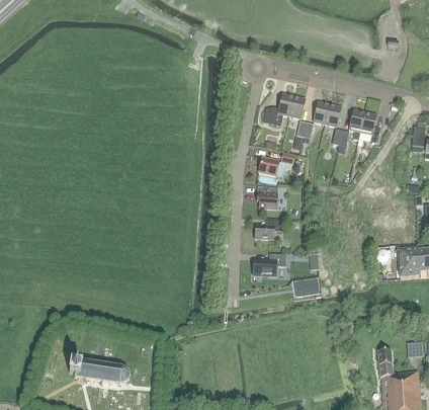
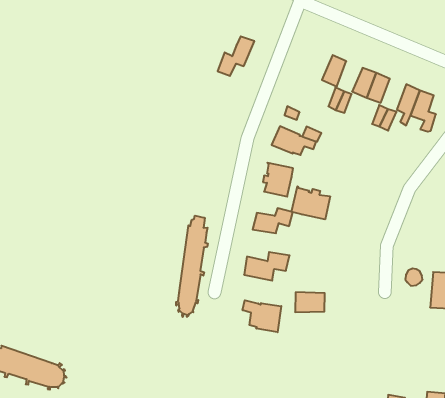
building: [269,93,293,125] -> [218,36,254,76]
building: none -> [292,186,330,219]
building: none -> [176,216,208,317]
building: none -> [243,300,281,332]

